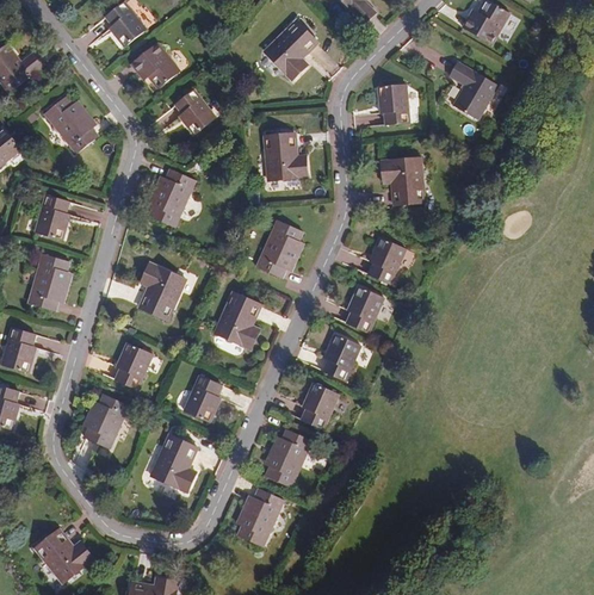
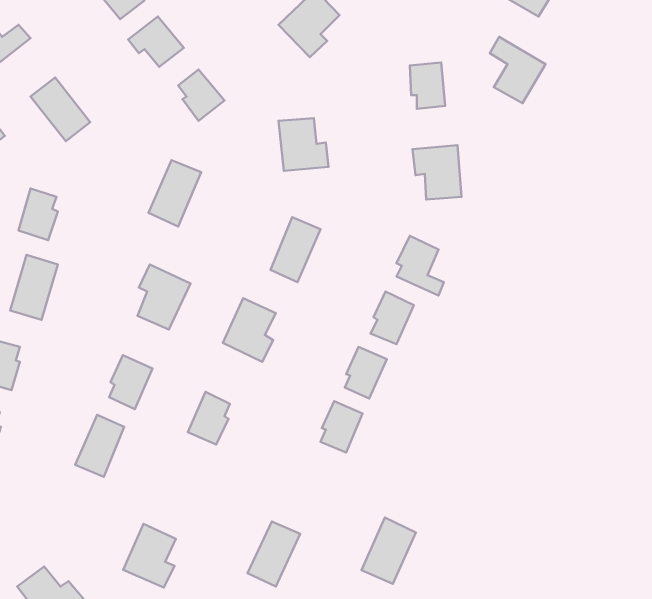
building: [264,427,311,485] -> [362,517,416,584]
building: [150,434,197,490] -> [123,524,176,588]

